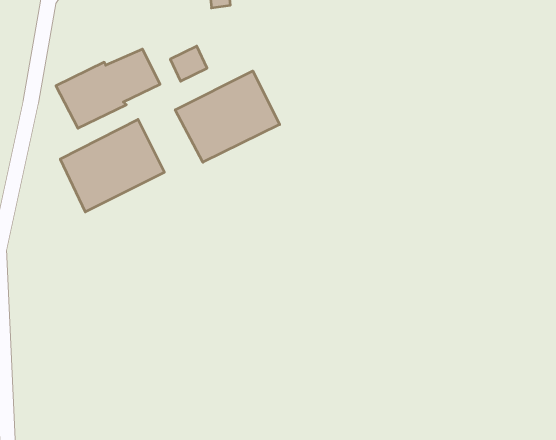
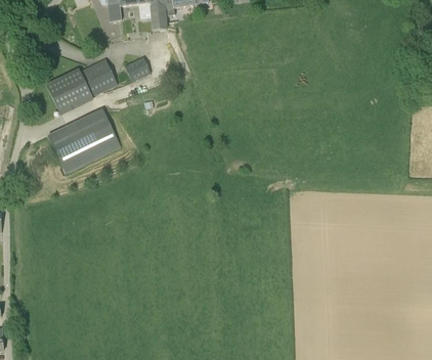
building: [175,71,280,162] -> none

